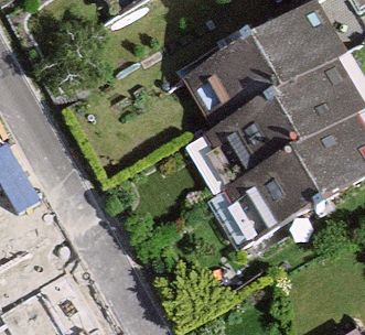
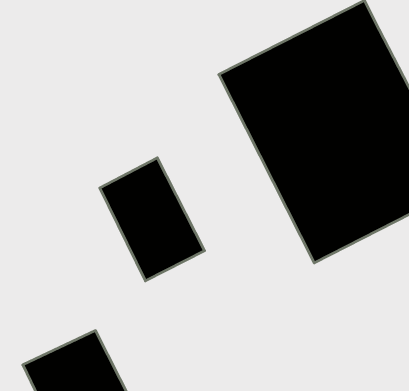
building: none -> [100,158,205,281]

